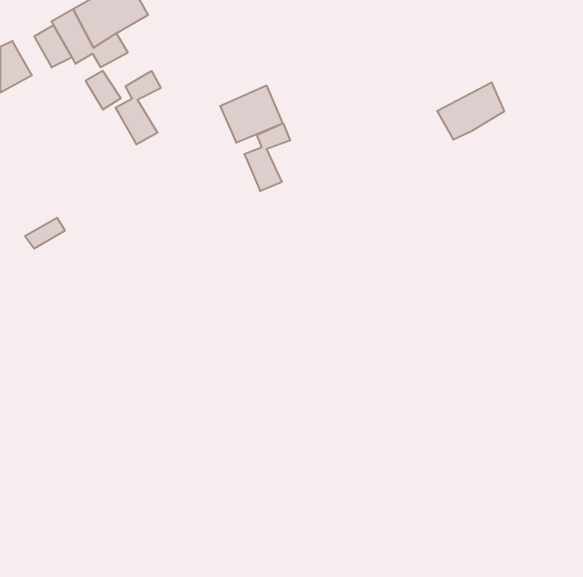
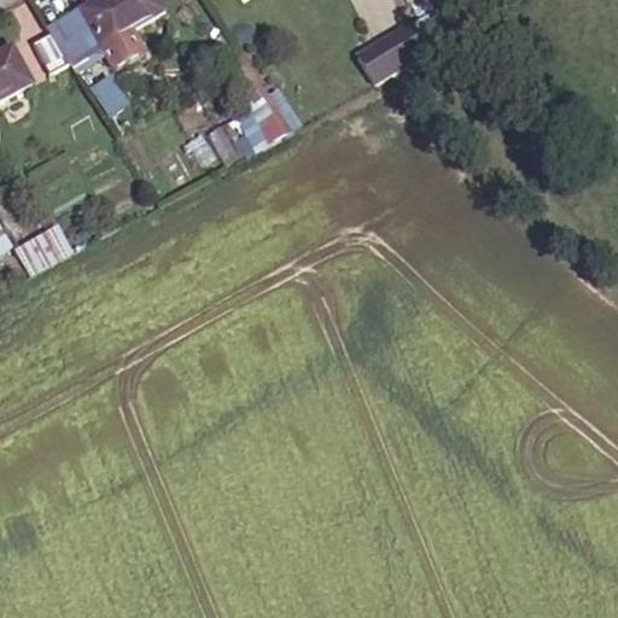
building: [115,71,161,145] -> none
building: [437,83,504,140] -> [355,18,426,78]
building: [244,123,290,191] -> none

